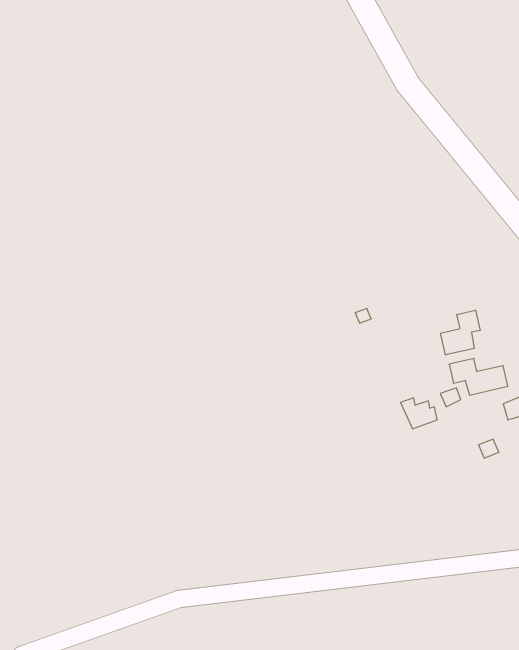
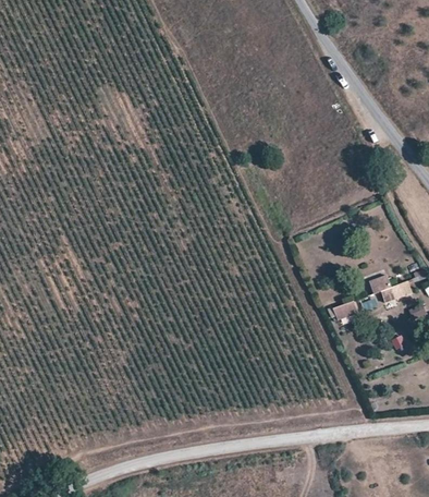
building: [440,310,480,355] -> none

